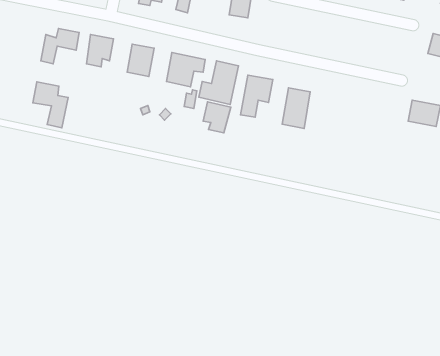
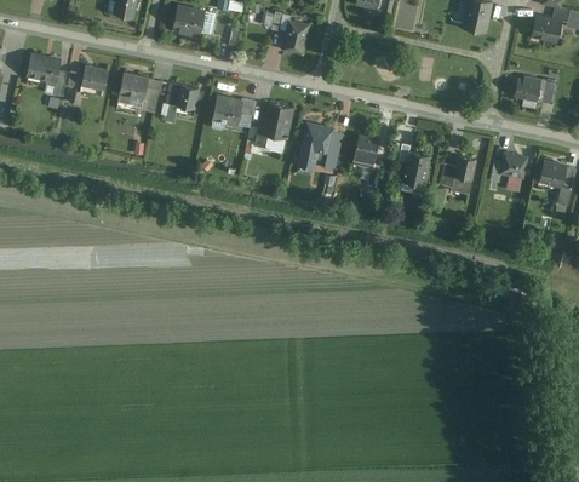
building: [33,82,68,128] -> [27,56,68,109]
building: none -> [401,149,428,187]
building: [203,102,231,133] -> none
building: none -> [438,153,477,185]

